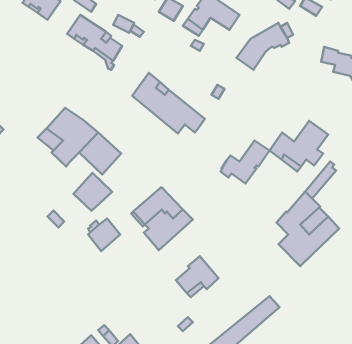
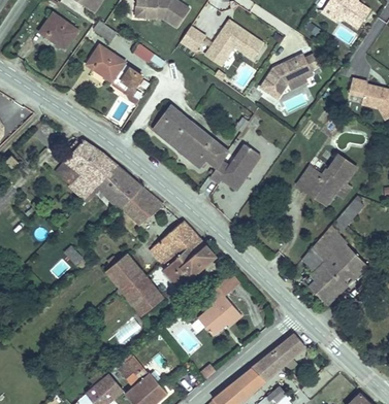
building: [221,141,269,184] -> [210,145,261,190]
building: [73,173,112,211] -> [122,187,162,226]
building: none -> [120,271,160,312]

